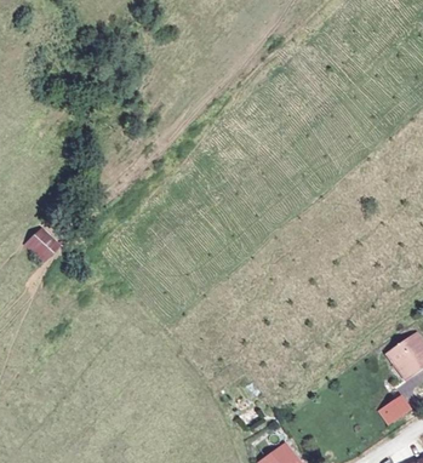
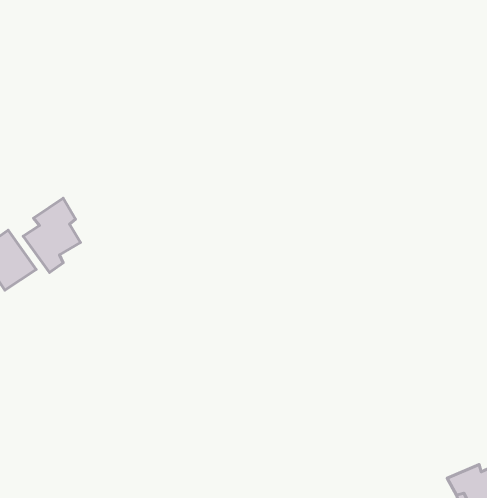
building: none -> [23,198,80,273]

